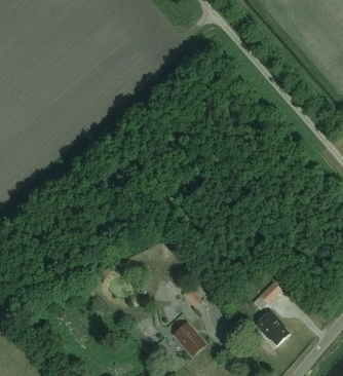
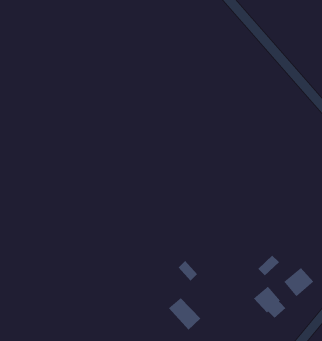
building: none -> [283,267,314,297]

